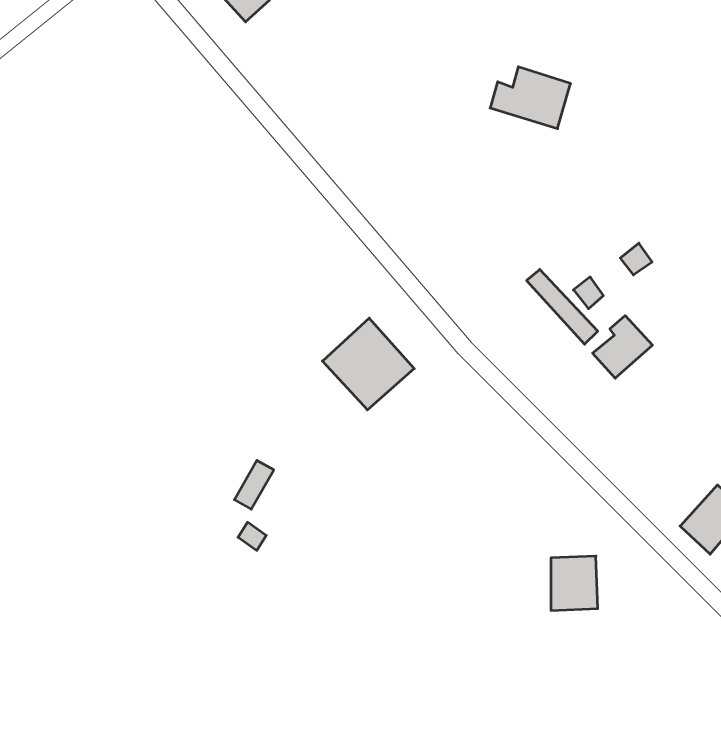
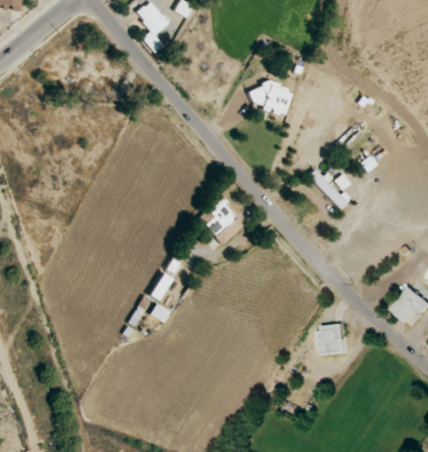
building: [490,67,571,129] -> [248,80,292,114]
building: [593,316,652,378] -> none

